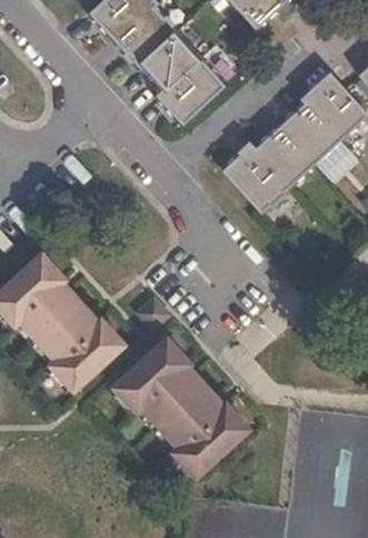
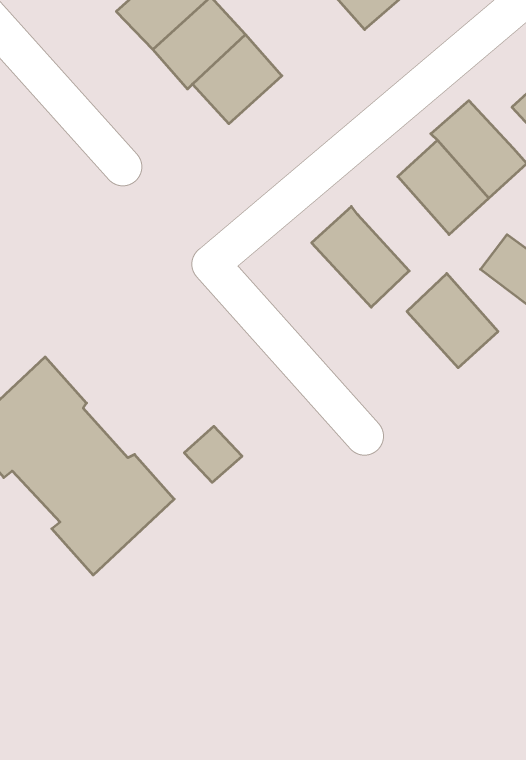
building: [156,58,225,126] -> none
building: [251,126,312,189] -> [407,273,498,368]
building: [109,332,253,481] -> none

